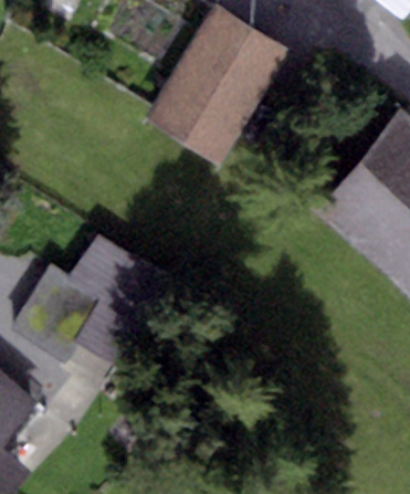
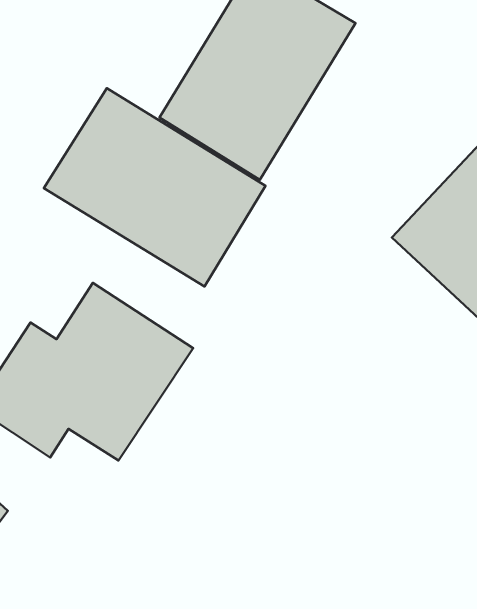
building: none -> [44,88,265,287]

